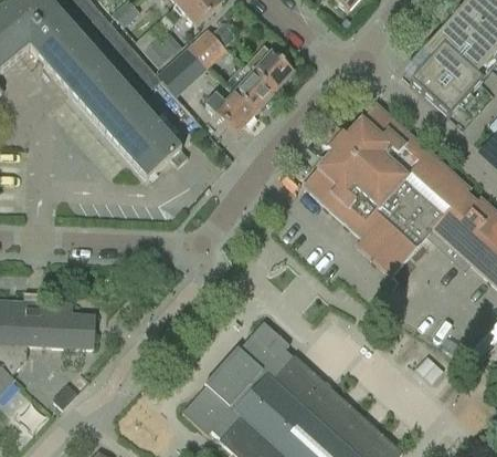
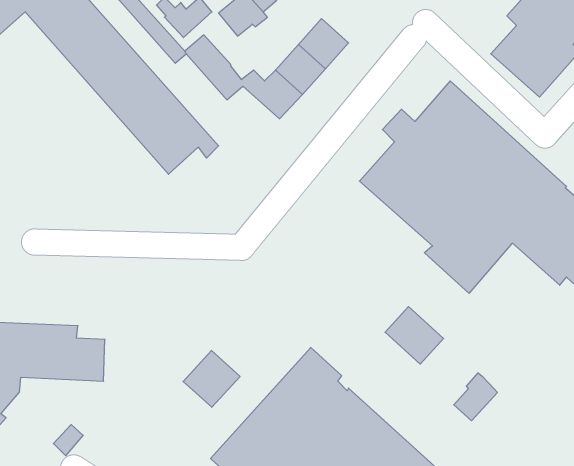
building: none -> [385,307,444,364]
building: none -> [183,350,240,407]
building: none -> [454,373,497,421]

